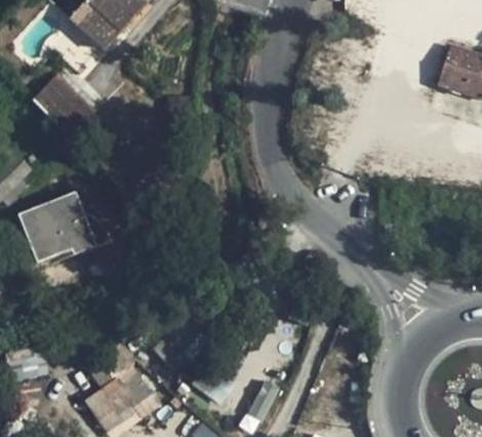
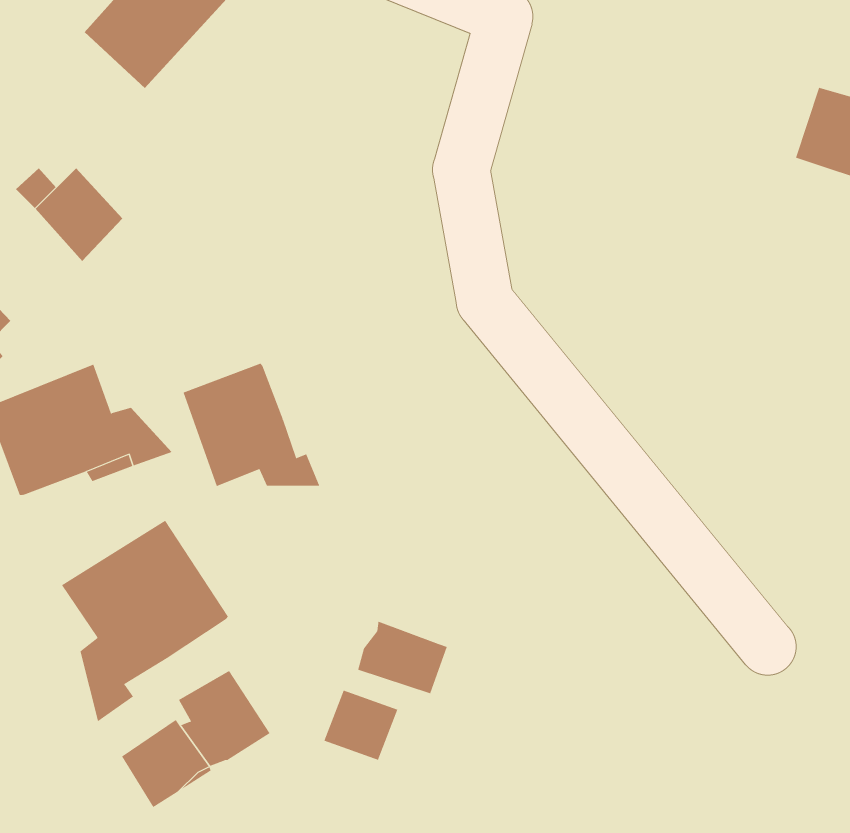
building: none -> [183,363,320,487]
building: none -> [61,520,228,722]
building: none -> [357,621,447,694]

